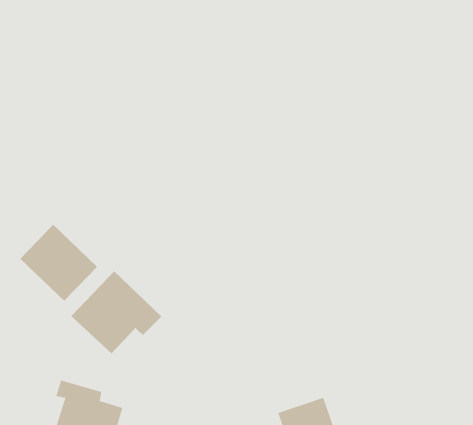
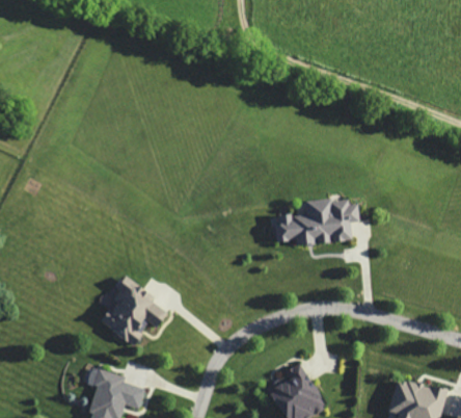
building: none -> [273,199,356,244]
building: [20,224,98,302] -> none

